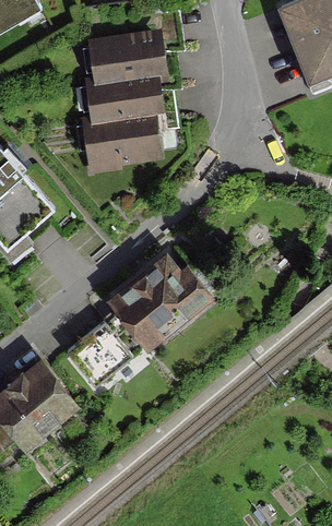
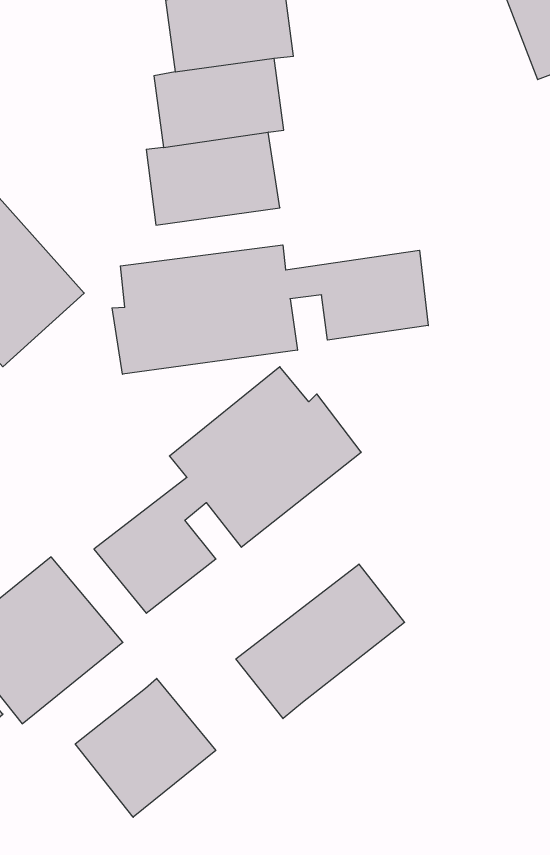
building: none -> [112,245,428,374]
building: none -> [236,564,405,719]
building: none -> [75,678,216,817]

